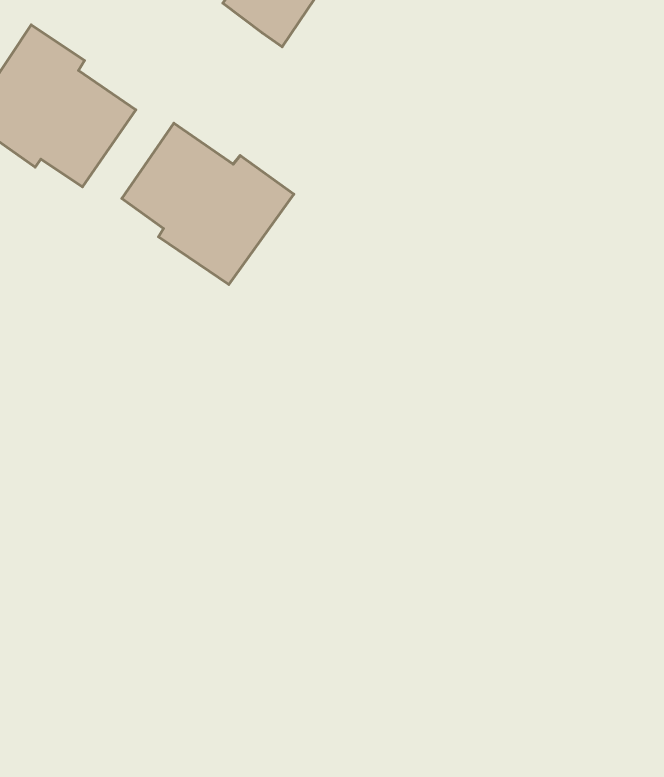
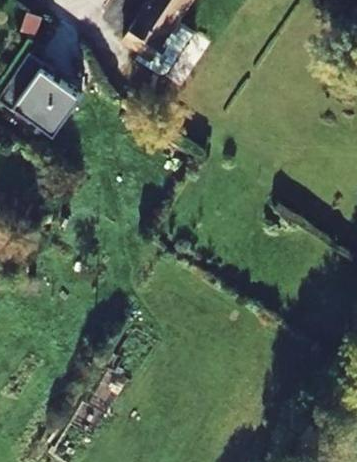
building: [122,123,294,285] -> none

